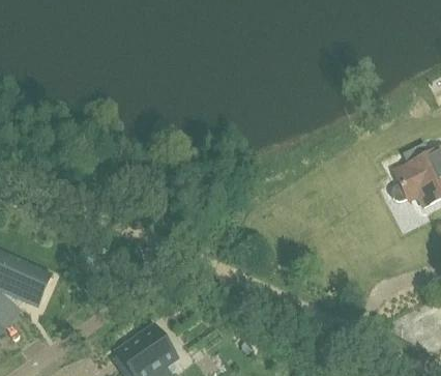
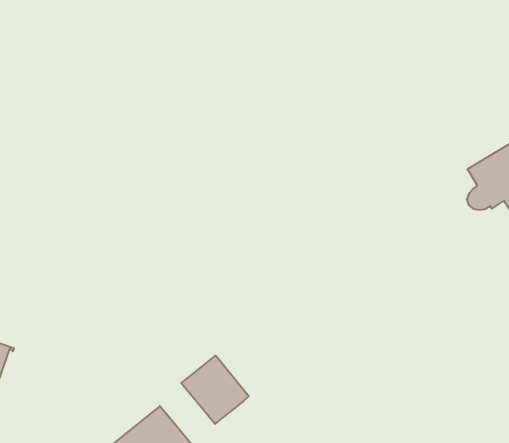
building: none -> [181,356,249,424]

